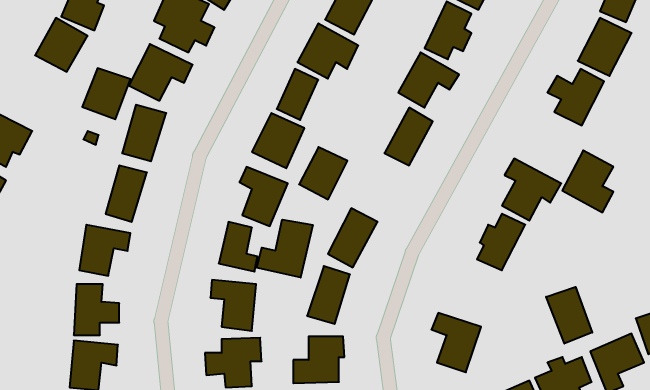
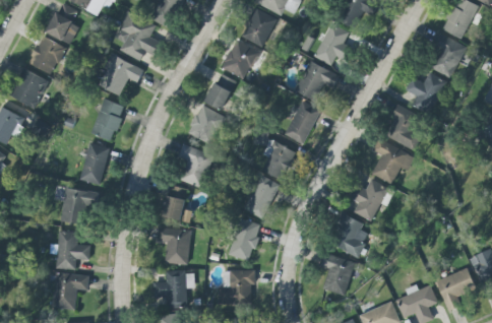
building: [82,68,131,119] -> [12,70,48,108]
building: [299,147,347,199] -> [260,141,296,180]
building: [562,150,613,212] -> [384,105,422,150]
building: [257,220,313,278] -> none
building: none -> [327,212,369,257]
building: [546,287,592,344] -> none

